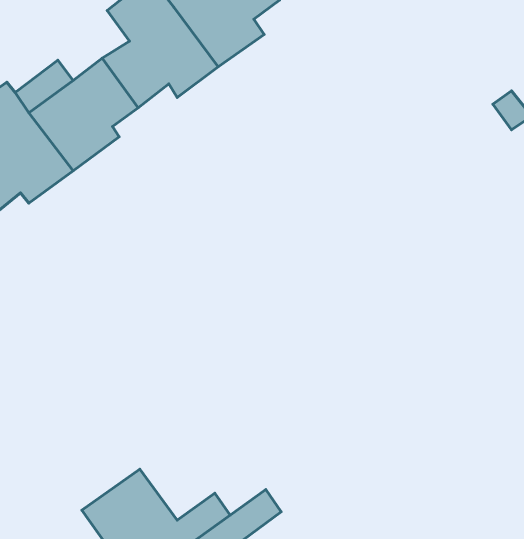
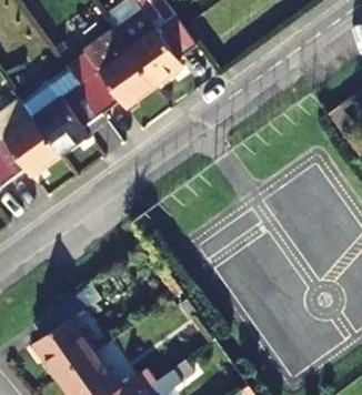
building: none -> [41,287,103,373]

